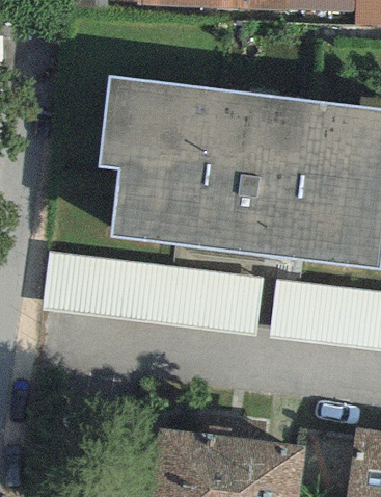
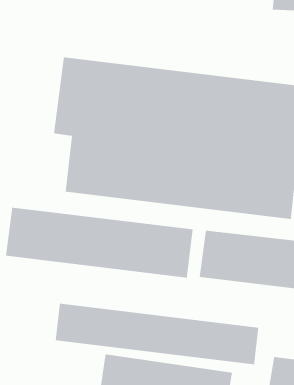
building: none -> [55,303,259,365]

